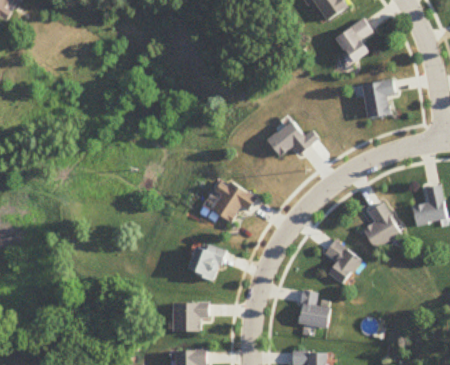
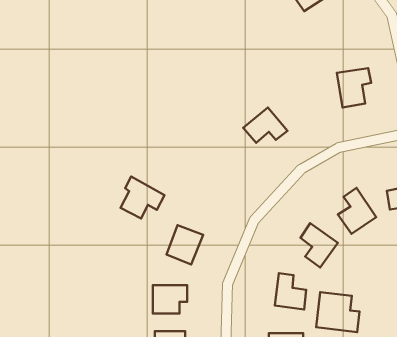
building: [335,19,373,64] -> none
building: [211,177,256,220] -> [120,176,165,219]
building: none -> [316,292,360,332]

